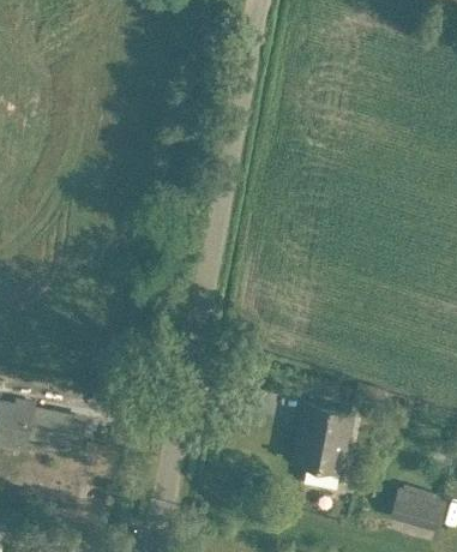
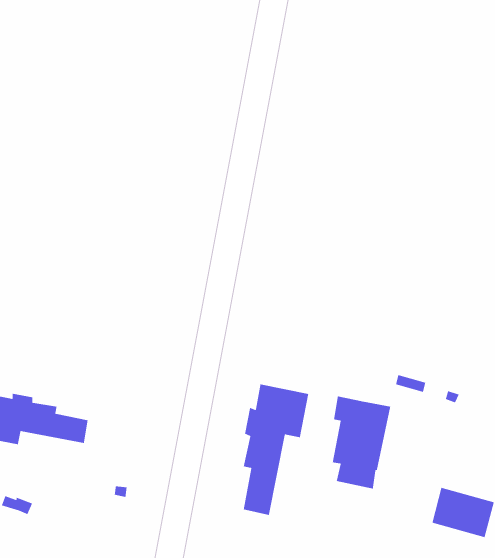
building: none -> [243,383,309,516]

